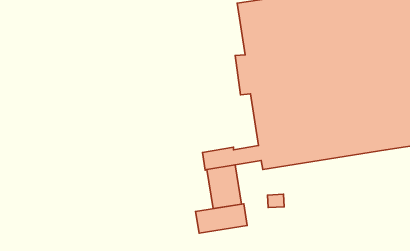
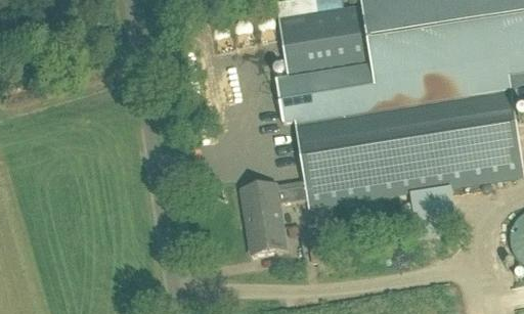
building: [195,204,247,233] -> none

